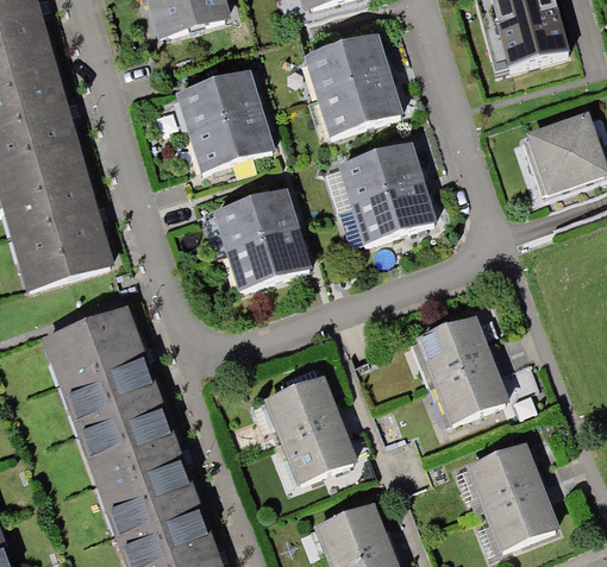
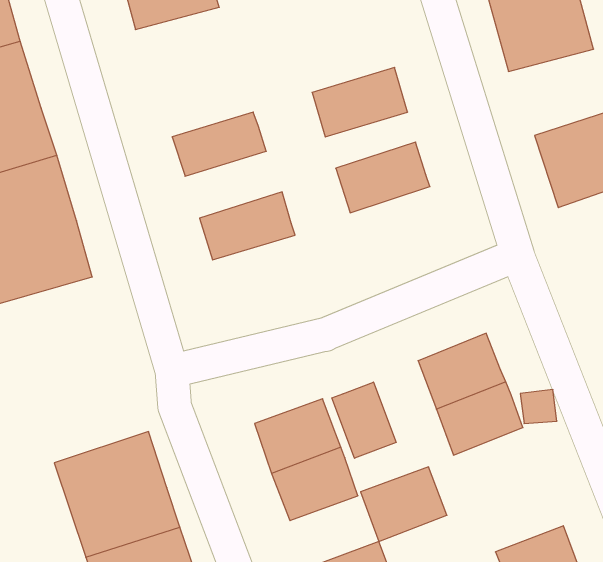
building: [301,33,389,95] -> none
building: [173,68,261,136] -> none
building: [349,181,434,242] -> none
building: [224,225,312,290] -> none
building: [45,302,165,431] -> none
building: none -> [332,382,396,458]
building: [464,445,543,512] -> [361,467,447,542]

